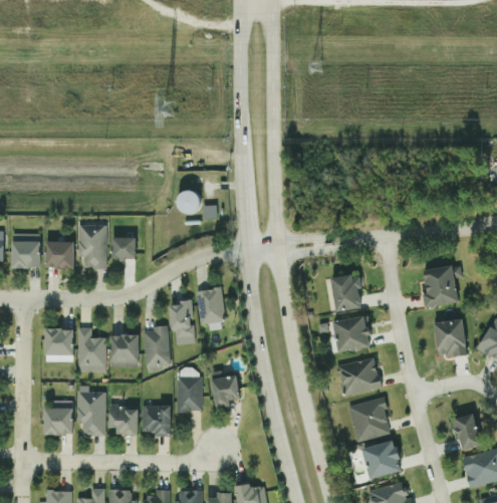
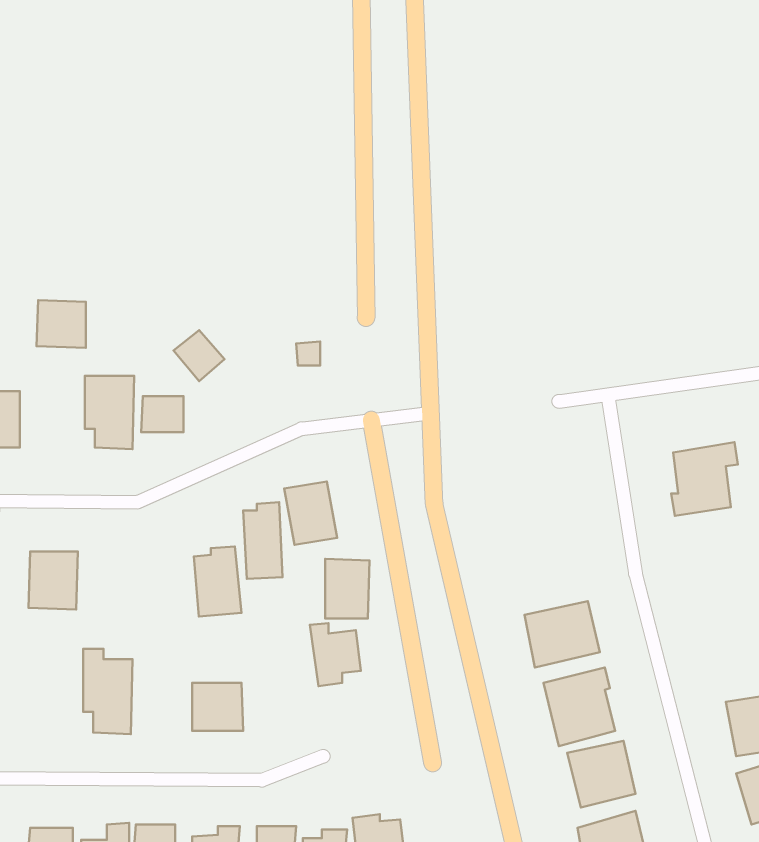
building: [173,187,203,217] -> [174,330,225,381]
building: [44,240,73,268] -> [36,300,86,348]
building: [331,274,361,311] -> none
building: [333,315,369,351] -> none
building: [435,319,467,356] -> none
building: [76,328,105,371] -> none
building: [109,334,139,367] -> none
building: [176,376,202,412] -> [325,559,369,619]
building: [43,401,72,435] -> none
building: [108,407,138,435] -> none

